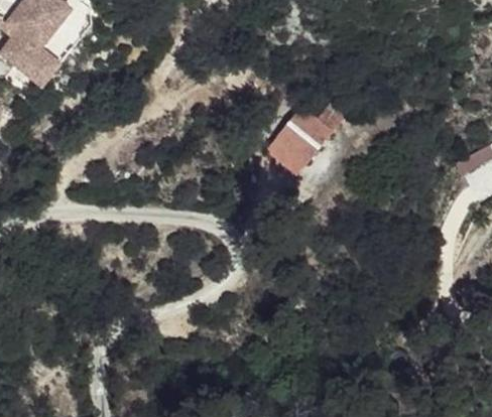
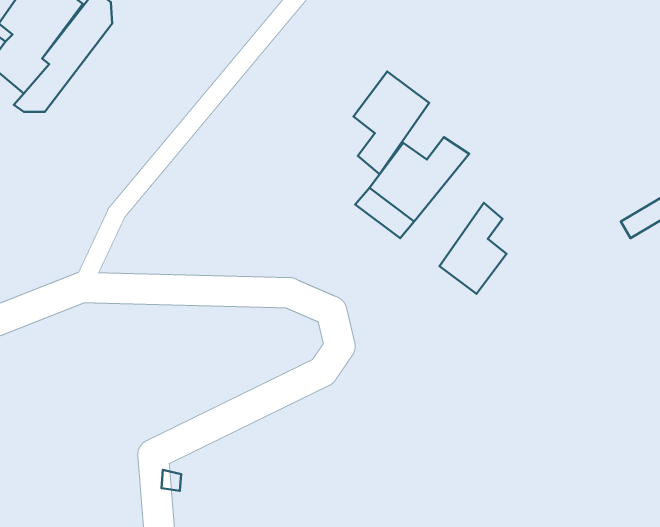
building: none -> [354,71,429,174]
building: none -> [440,203,506,294]

